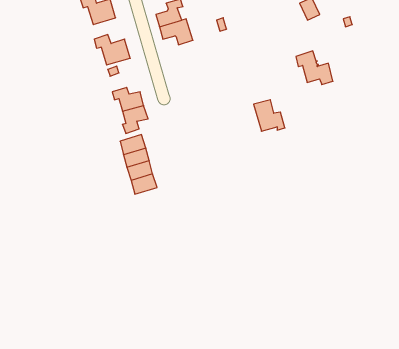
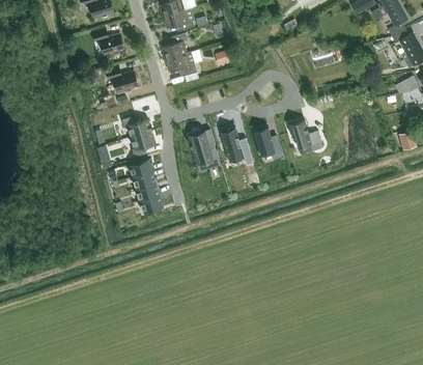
building: [296,51,333,85] -> [288,119,322,150]
building: none -> [221,128,249,162]
building: none -> [189,131,219,168]

